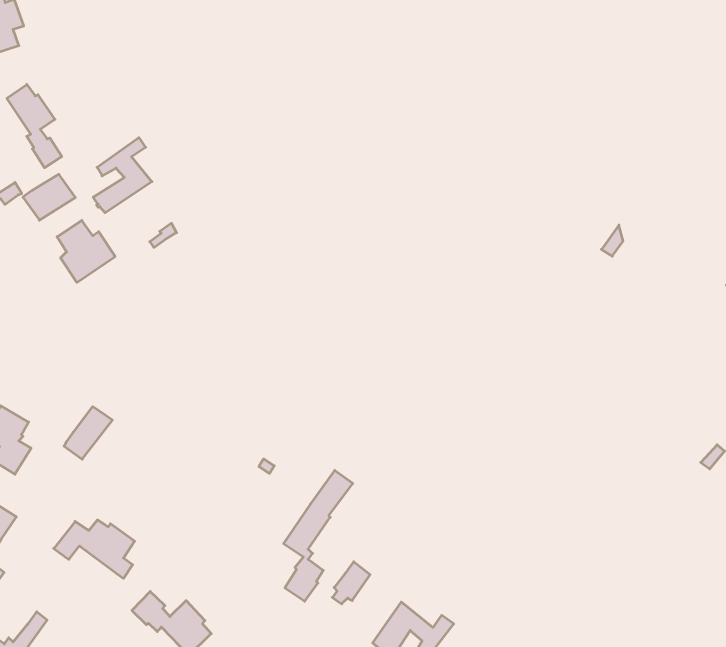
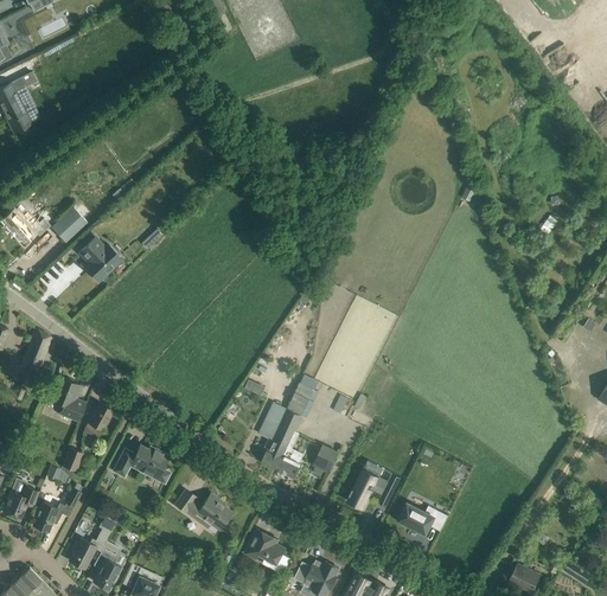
building: [7,84,62,168] -> none
building: [93,138,152,213] -> none
building: [64,407,112,459] -> [82,403,113,441]
building: none -> [257,403,287,472]

